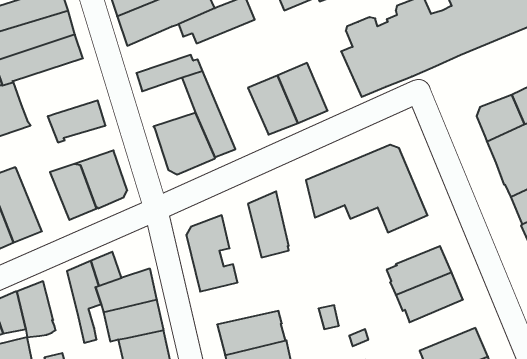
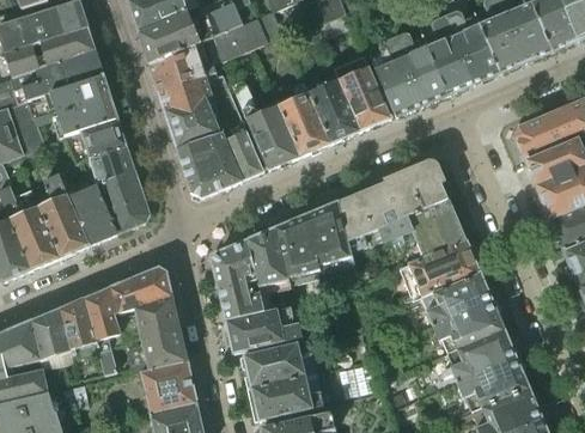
building: none -> [150,41,224,90]
building: none -> [339,66,392,129]
building: none -> [29,74,118,136]
building: none -> [232,78,298,167]
building: none -> [165,94,221,146]
building: none -> [83,145,135,185]
building: none -> [32,152,89,256]
building: none -> [306,202,352,272]
building: none -> [249,227,291,292]
building: none -> [408,239,479,297]
building: none -> [134,267,172,305]
building: none -> [61,298,97,355]
building: none -> [226,304,303,352]
building: none -> [439,328,516,382]

